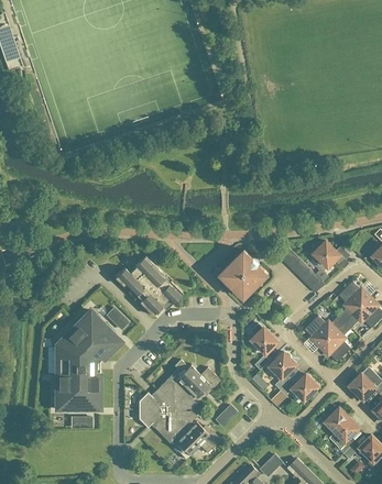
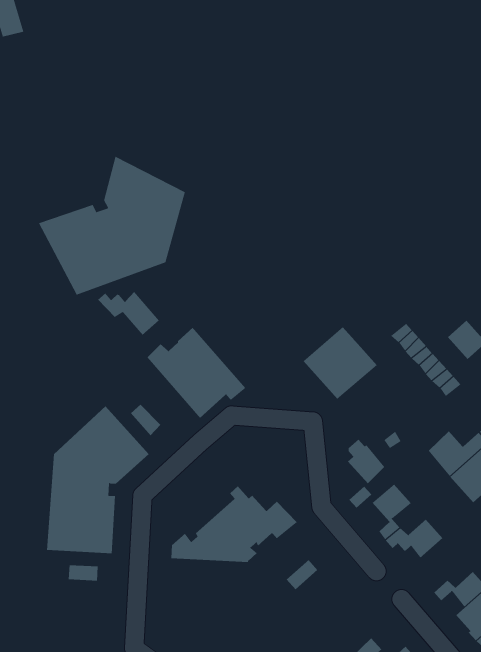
building: none -> [38,156,185,296]
building: none -> [97,291,160,335]
building: [139,410,220,461] -> none

